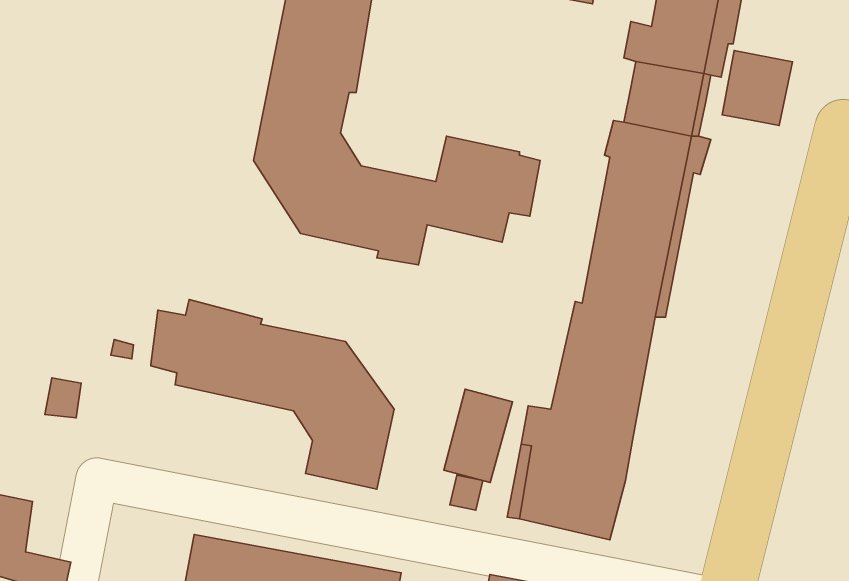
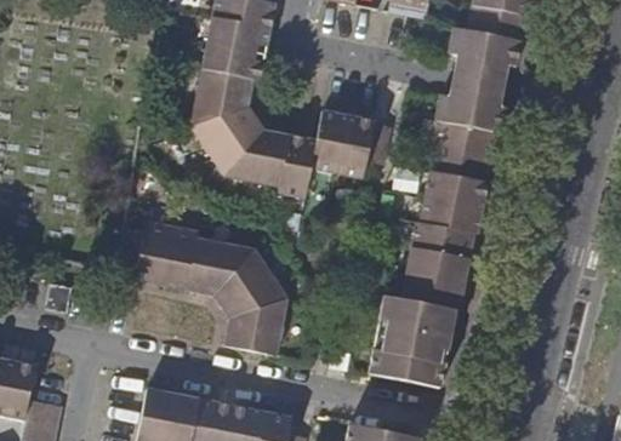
building: [722,50,792,125] -> none
building: [444,389,513,482] -> none

